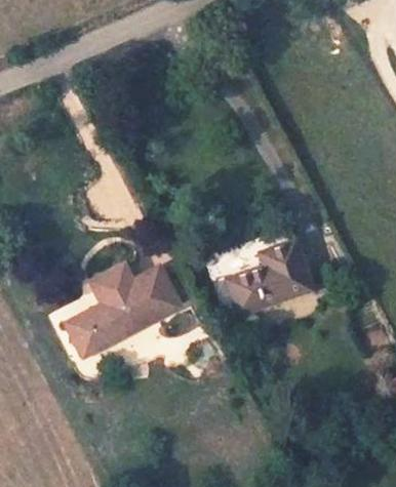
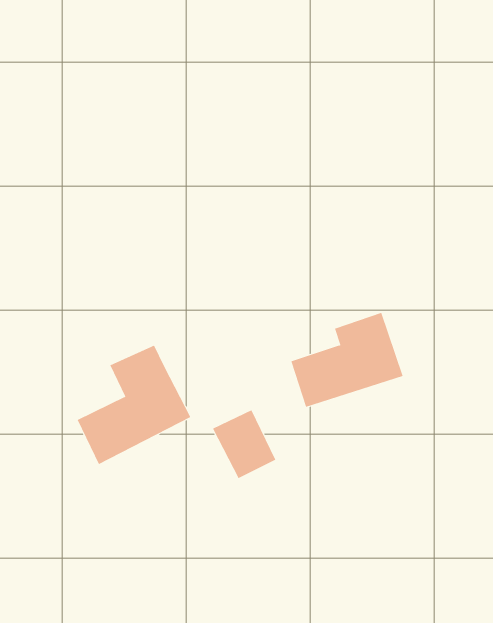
building: [134,268,183,320] -> [212,409,276,479]

